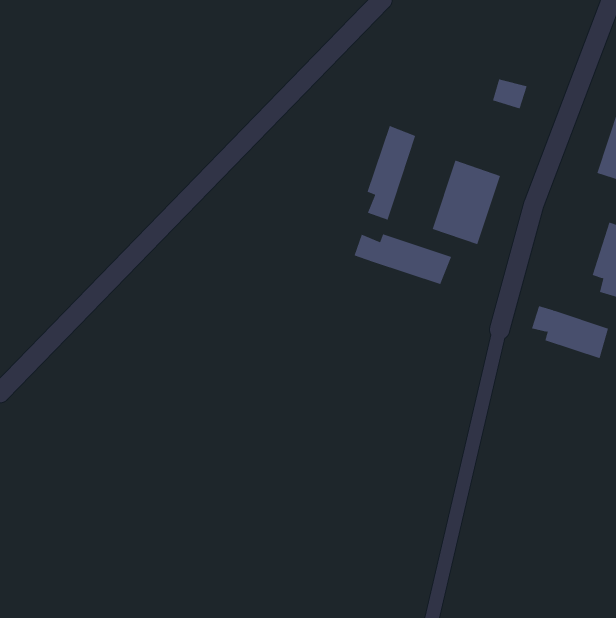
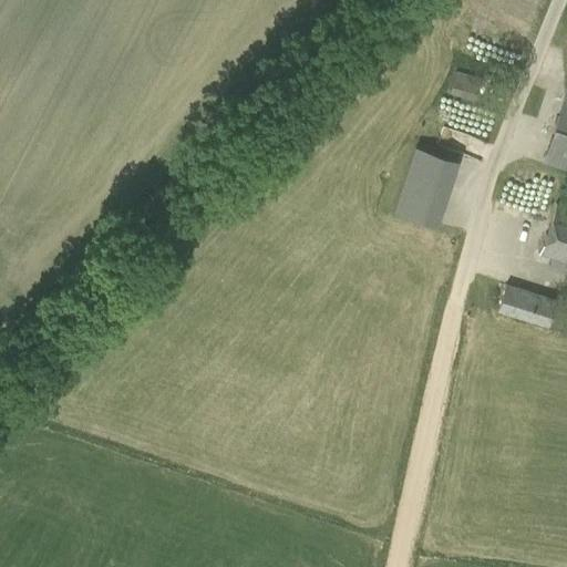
building: [367,125,416,220] -> none
building: [354,233,452,285] -> none

